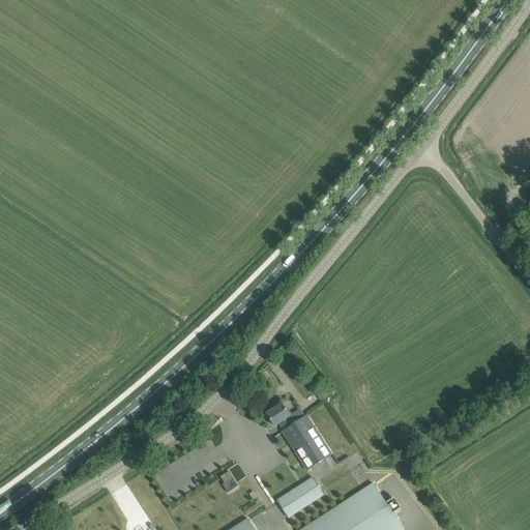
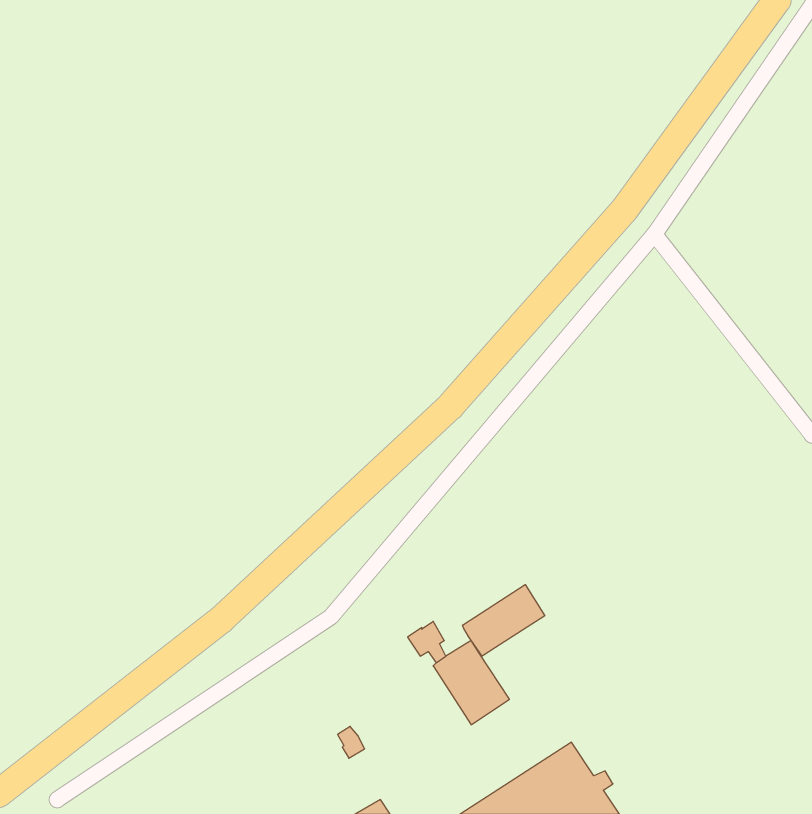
building: none -> [463,585,545,656]
building: [276,478,323,519] -> none

